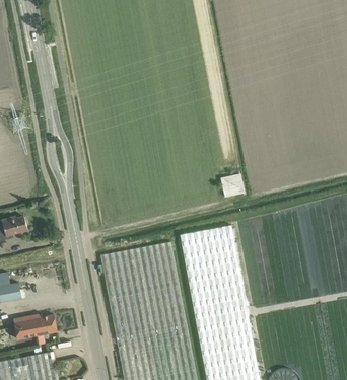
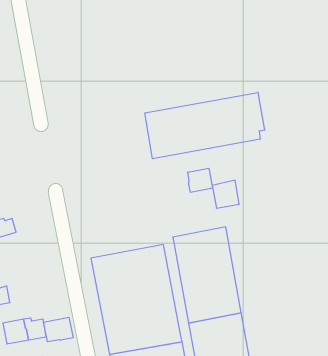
building: none -> [145,92,265,159]
building: none -> [188,168,213,192]
building: none -> [44,317,73,342]

